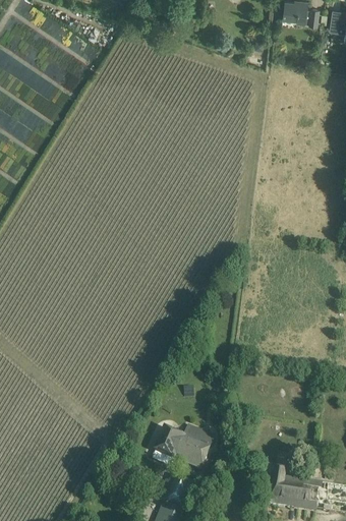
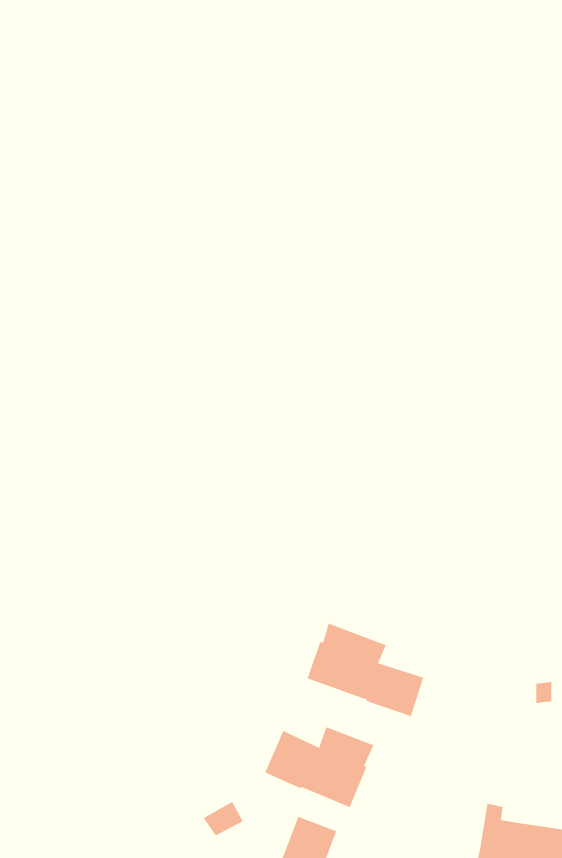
building: none -> [306,622,424,717]

